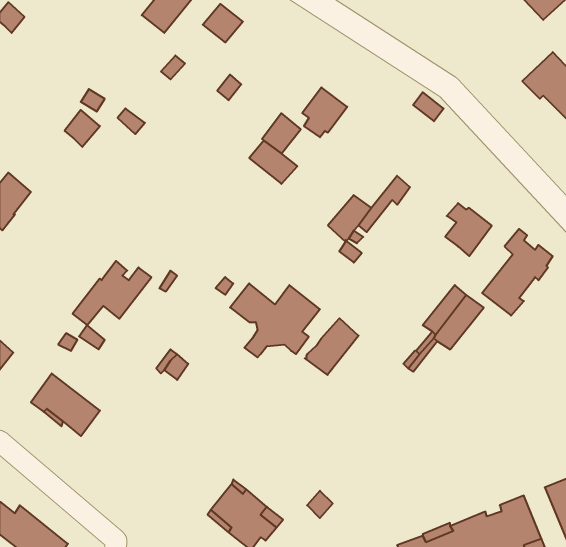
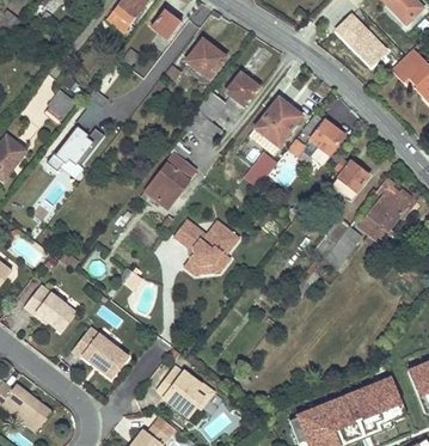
building: none -> [335,13,390,69]
building: none -> [185,41,225,79]
building: none -> [256,98,301,146]
building: none -> [304,114,344,164]
building: none -> [146,154,195,208]
building: [73,261,151,325] -> [47,122,105,170]
building: [305,318,359,375] -> none
building: none -> [72,328,128,378]

